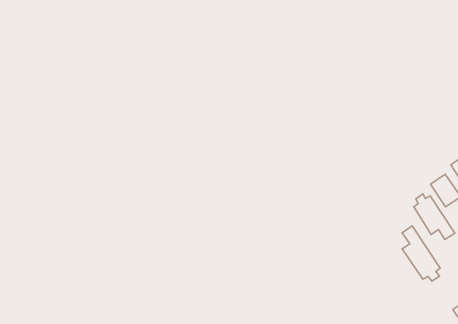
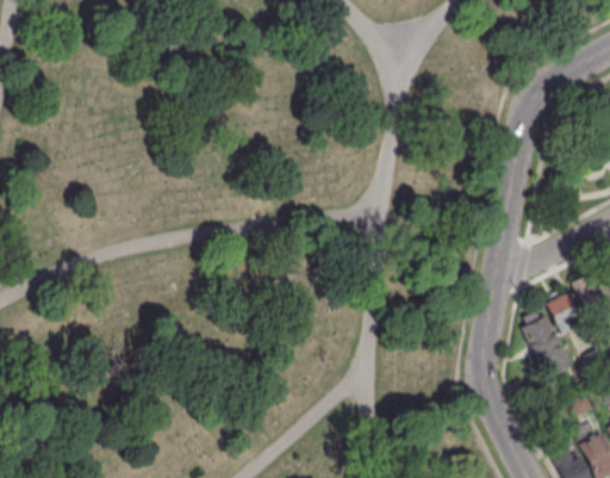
building: [402,226,440,281] -> none

